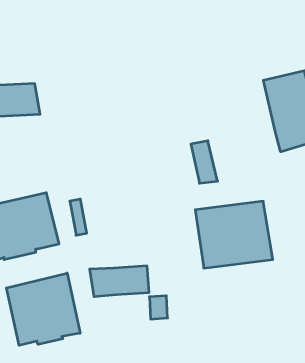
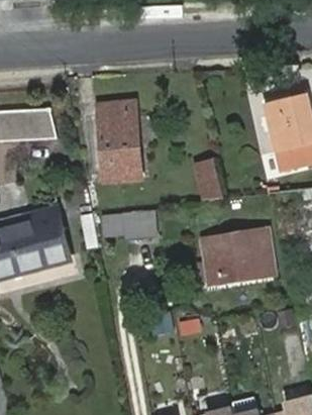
building: none -> [100,105,142,182]
building: [90,266,149,297] -> [101,215,158,244]
building: [6,273,80,345] -> none

